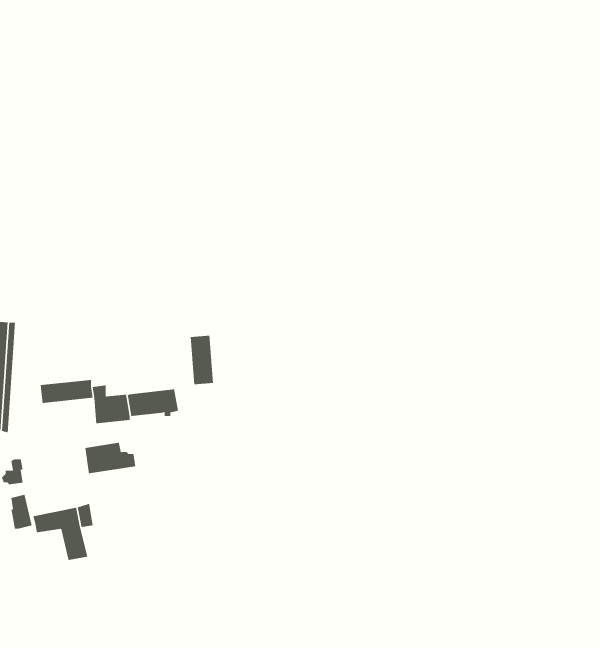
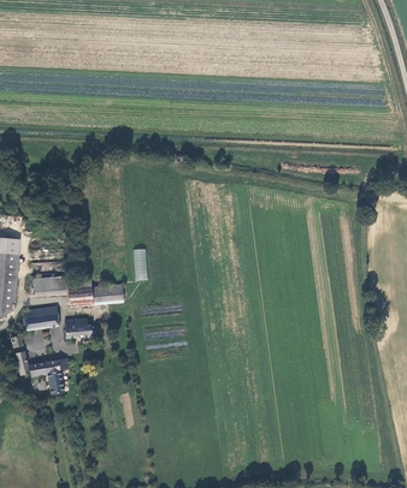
building: none -> [24,305,60,329]

